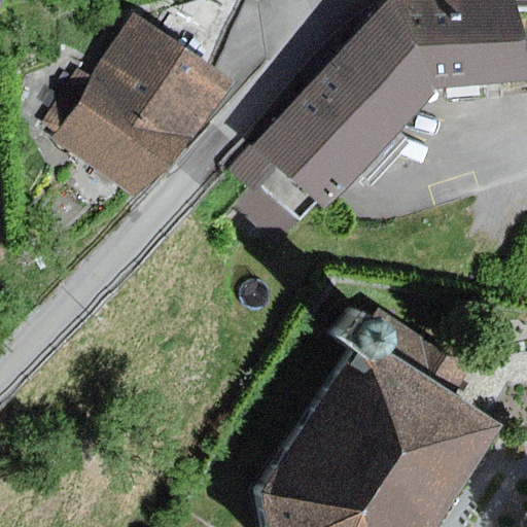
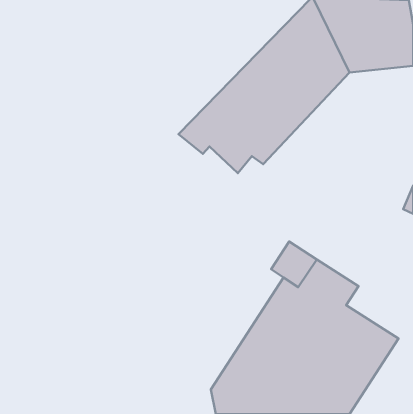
building: [37,11,232,198] -> none

